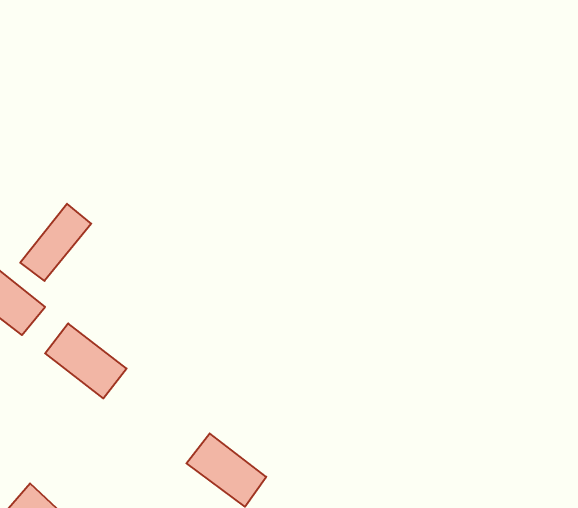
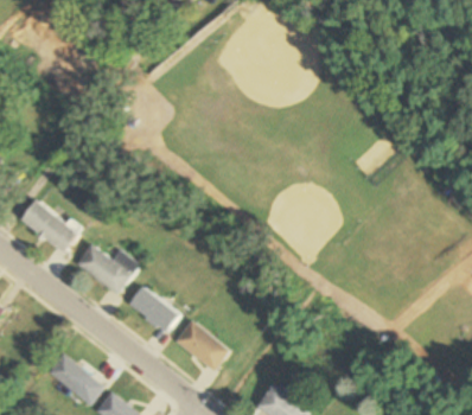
building: [20,204,91,281] -> none
building: none -> [123,282,180,334]

